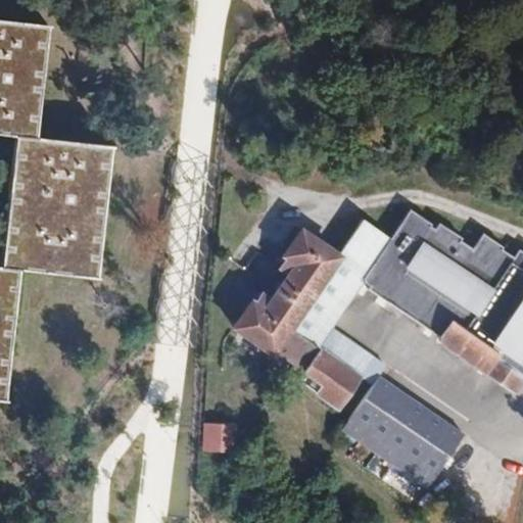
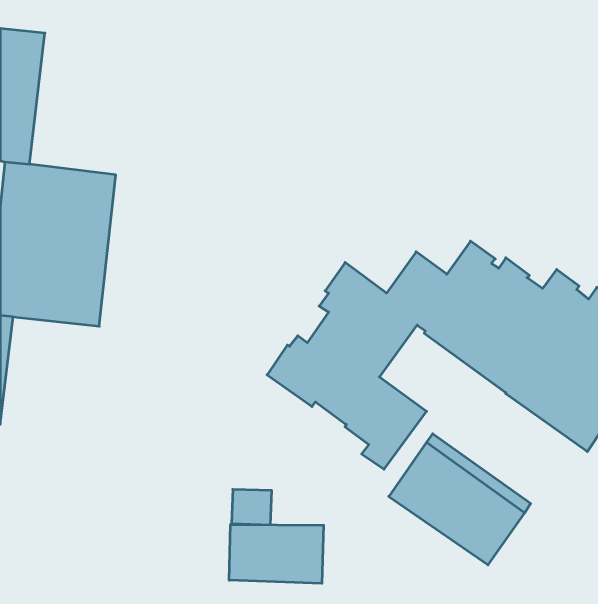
building: none -> [229,524,324,583]

